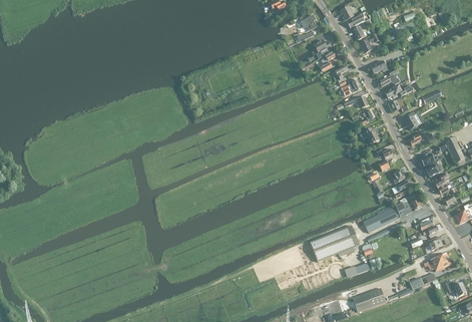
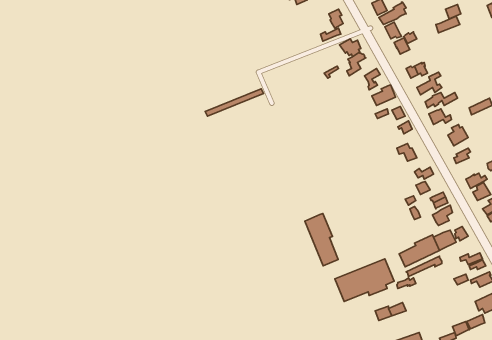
building: none -> [305,213,338,266]

